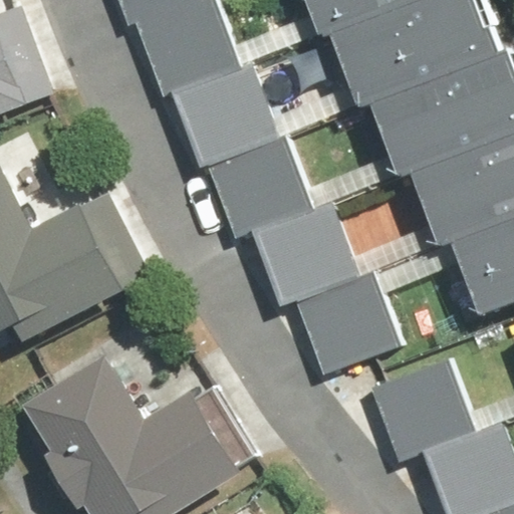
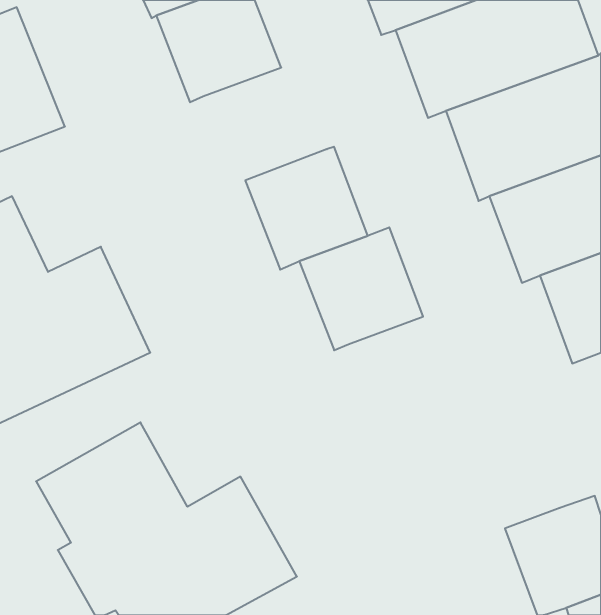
building: [170,52,273,154] -> none
building: [291,259,397,364] -> none
building: [364,349,468,452] -> none

